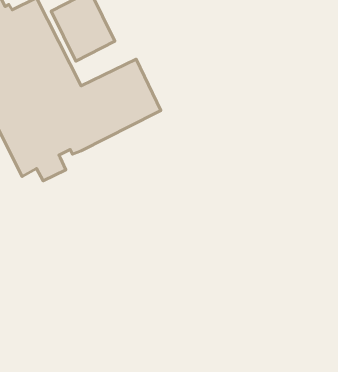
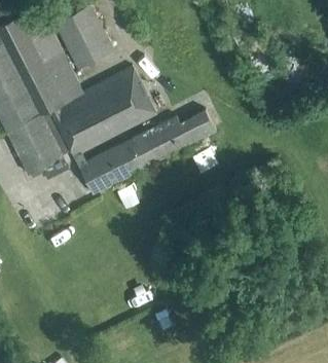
building: none -> [74,109,216,194]

